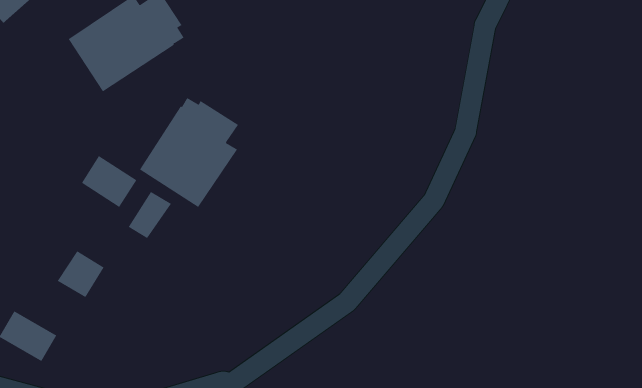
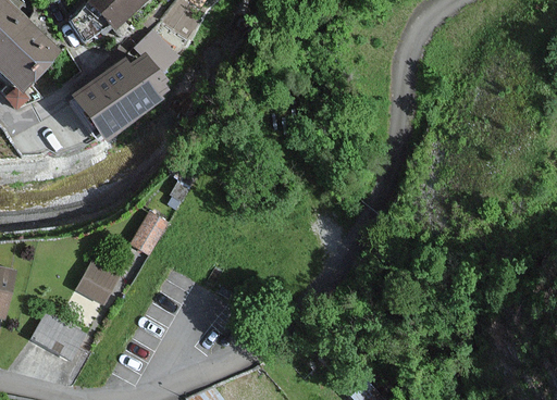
building: [139,97,239,208] -> none
building: [81,155,137,208] -> none

